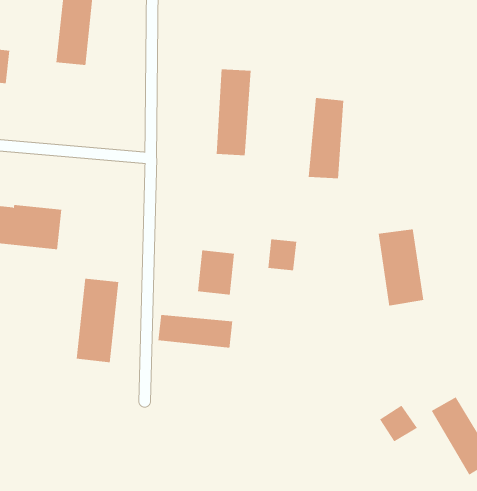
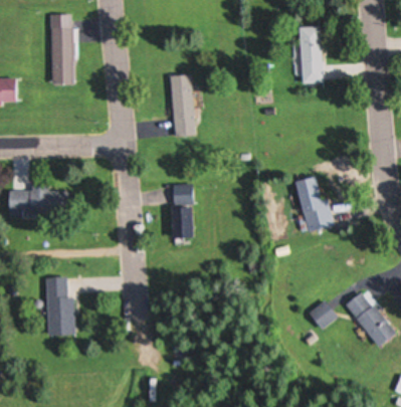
building: [308,98,344,179] -> [299,26,323,83]
building: [268,239,297,271] -> [173,183,192,204]
building: [76,278,119,363] -> [47,277,72,336]
building: [158,314,233,349] -> none

